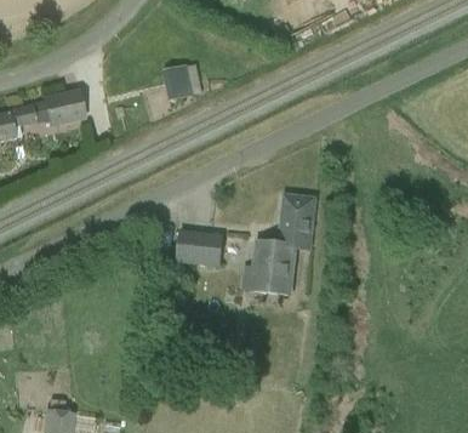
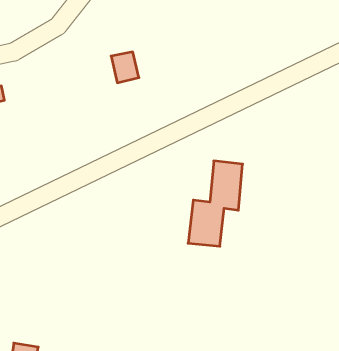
building: [44,87,87,127] -> none
building: [177,229,224,267] -> none

